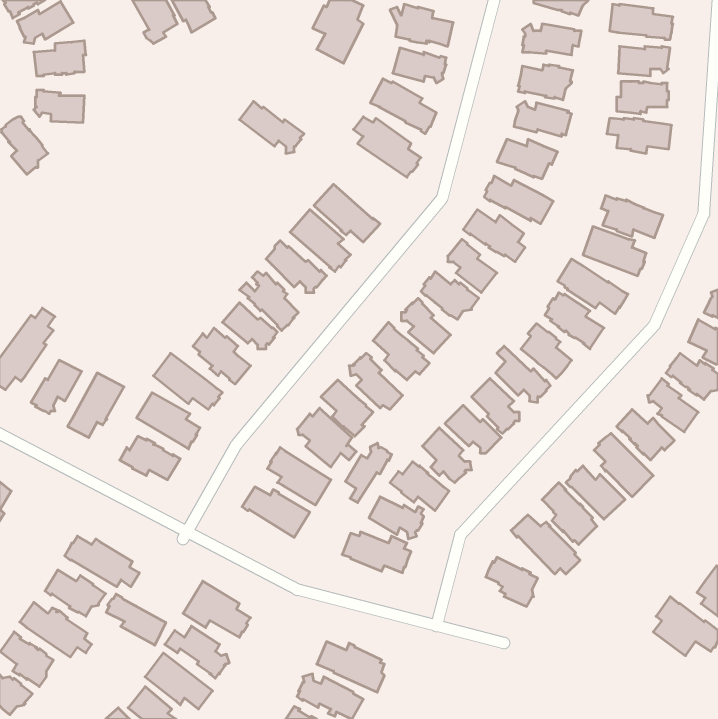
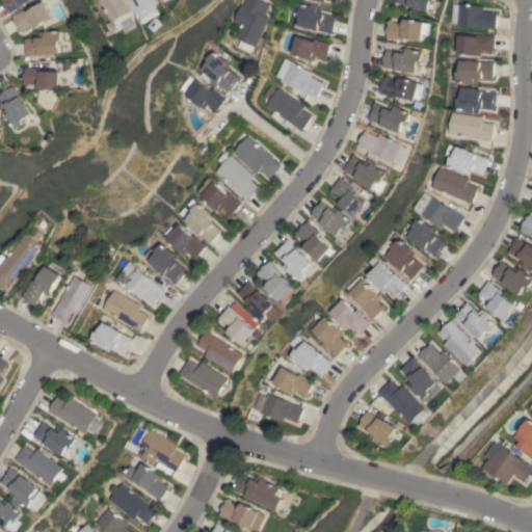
building: none -> [197,51,238,91]
building: none -> [447,112,494,140]
building: [345,443,392,503] -> none
building: [106,594,166,645] -> none

